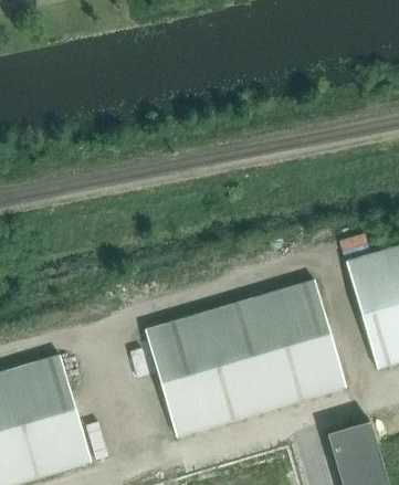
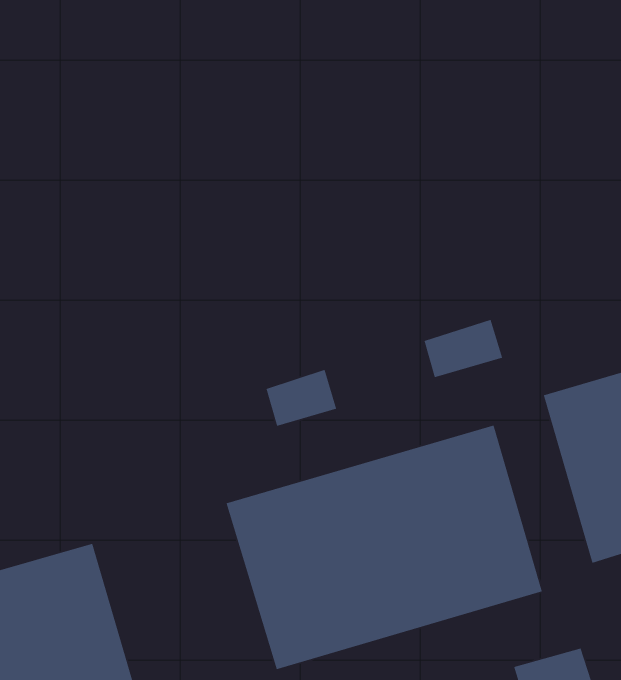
building: none -> [423,319,503,378]
building: none -> [266,369,337,427]

